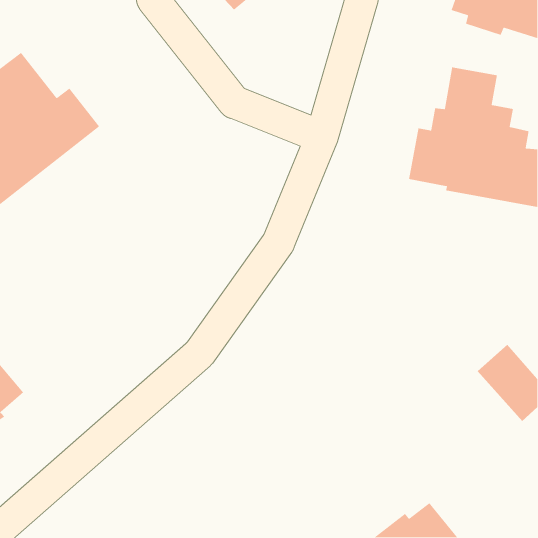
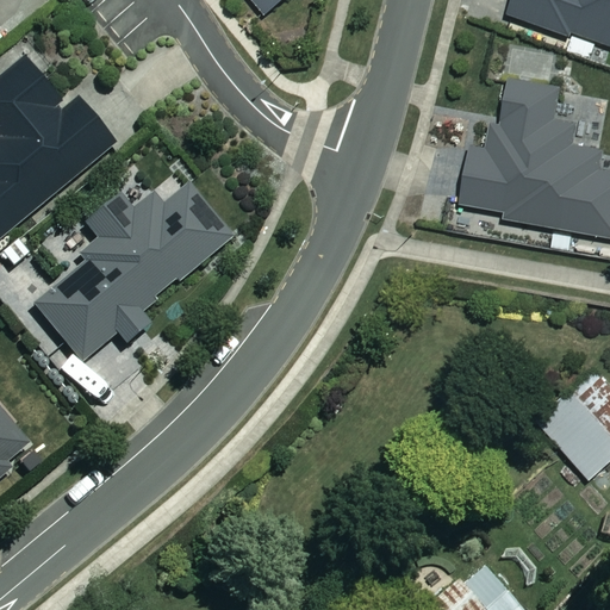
building: none -> [33,183,235,362]

